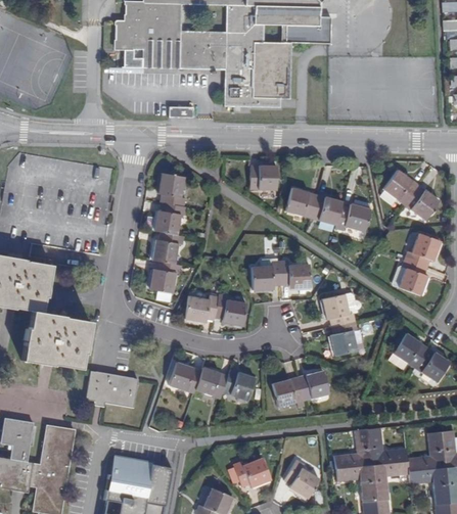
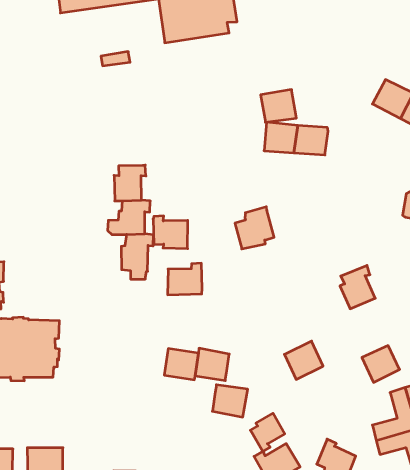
building: [250,165,277,189] -> [261,90,296,122]
building: [157,173,184,205] -> none
building: [336,202,370,229] -> none
building: [280,260,311,287] -> none
building: [322,291,361,326] -> none
building: [215,293,246,325] -> [153,216,188,249]
building: [86,369,138,407] -> none
building: [223,369,256,400] -> [212,385,248,417]
building: [299,370,328,399] -> [362,346,400,382]
building: none -> [250,413,285,451]

